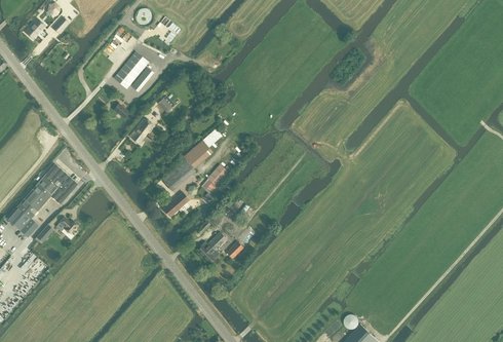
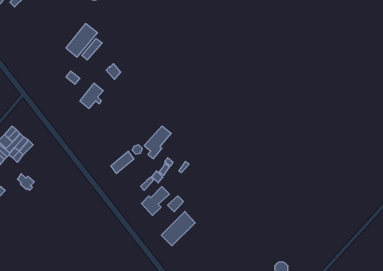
building: [162,140,212,191] -> none
building: none -> [161,211,195,246]

